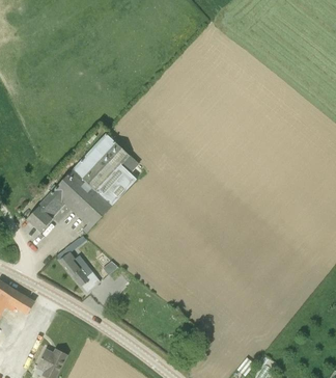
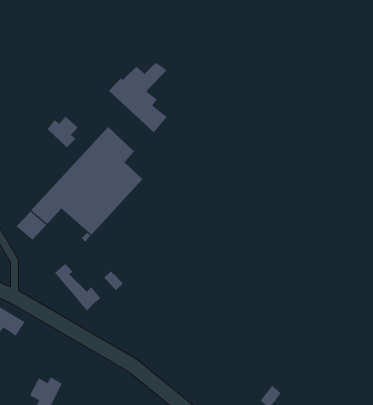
building: none -> [108,62,168,133]
building: none -> [47,116,79,148]

